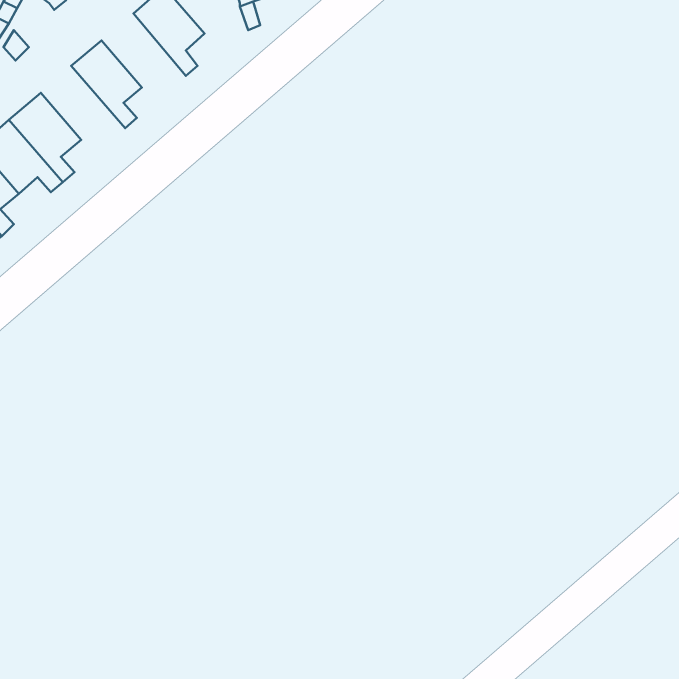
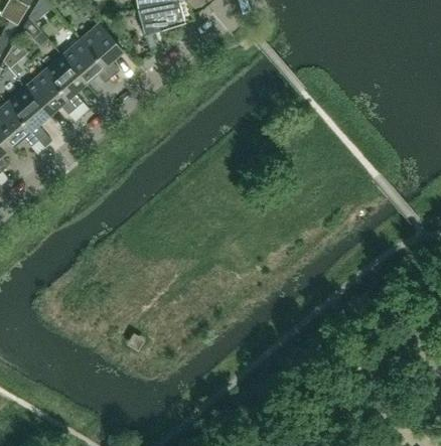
building: none -> [61,39,112,84]
building: none -> [25,70,76,115]

